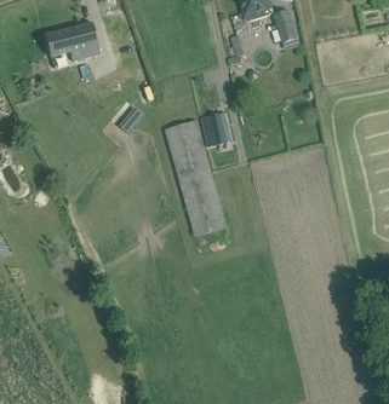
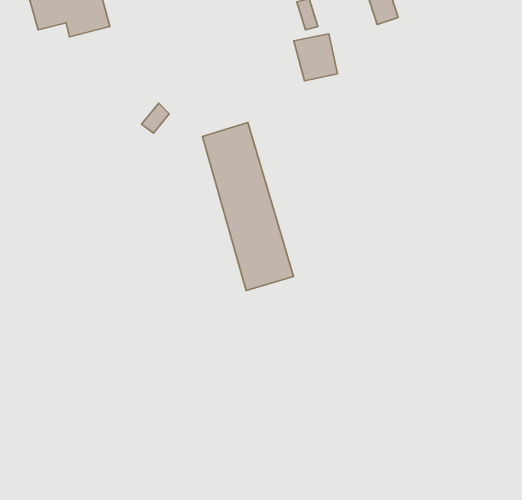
building: [200,112,230,145] -> [294,34,338,81]

